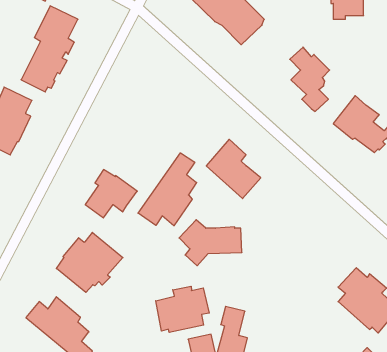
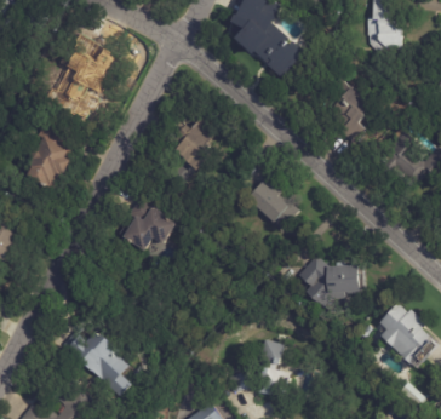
building: none -> [174,119,219,168]
building: [138,153,197,226] -> none
building: [179,220,242,266] -> [300,253,363,299]
building: [56,232,123,292] -> none
building: [156,286,209,332] -> none

